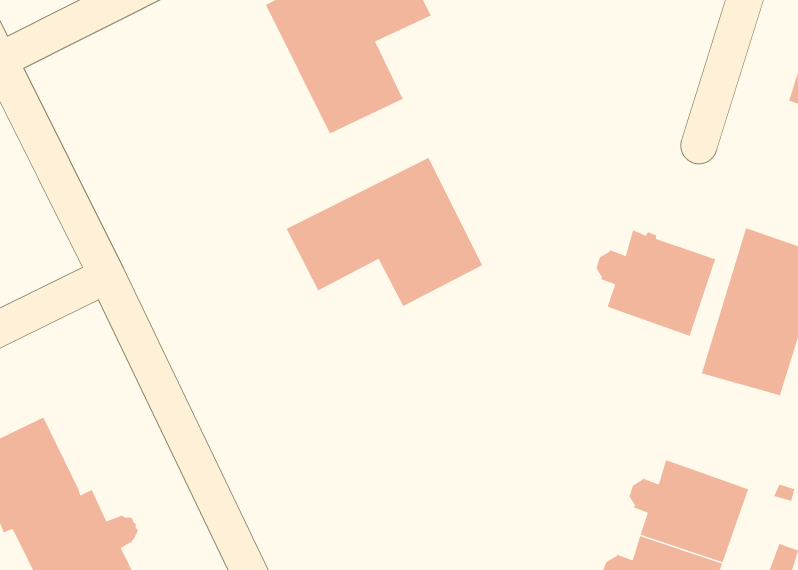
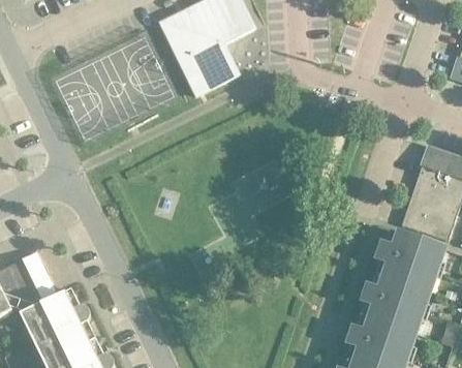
building: [285,157,483,307] -> none
building: [596,229,716,337] -> [377,231,444,290]

